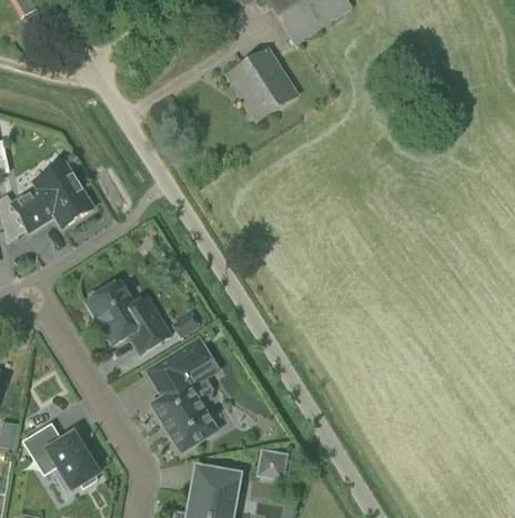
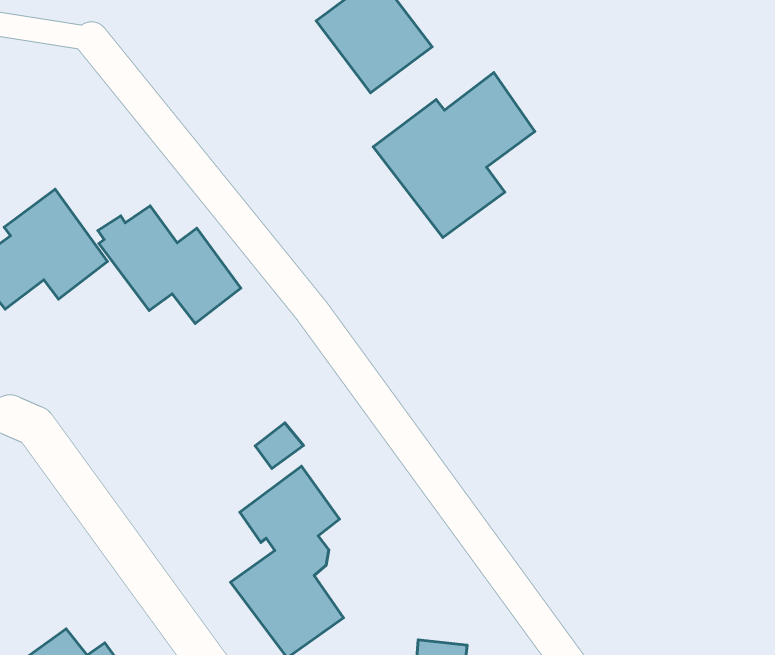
building: none -> [373,73,535,237]
building: [88,281,170,353] -> [98,206,241,324]

